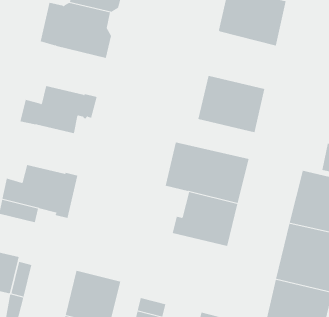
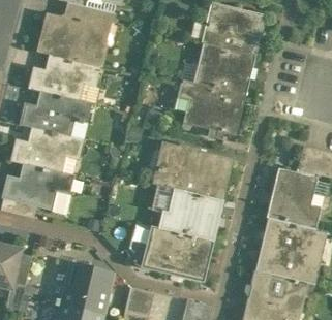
building: none -> [193,42,255,95]
building: none -> [29,56,99,100]
building: none -> [11,128,82,172]
building: none -> [142,226,211,281]

